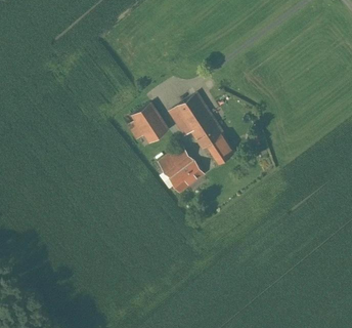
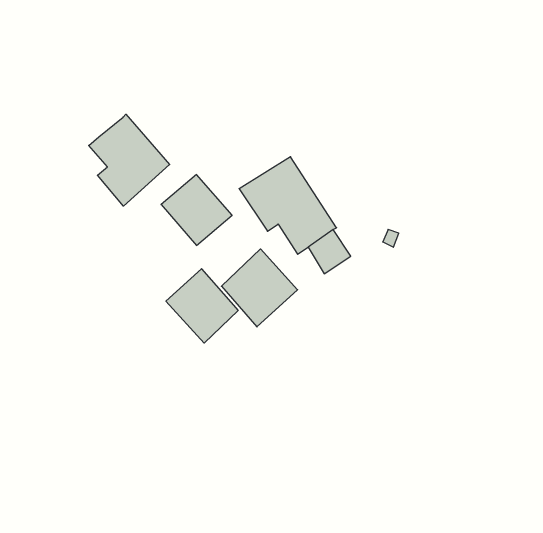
building: none -> [89,114,170,206]
building: none -> [166,269,238,343]

